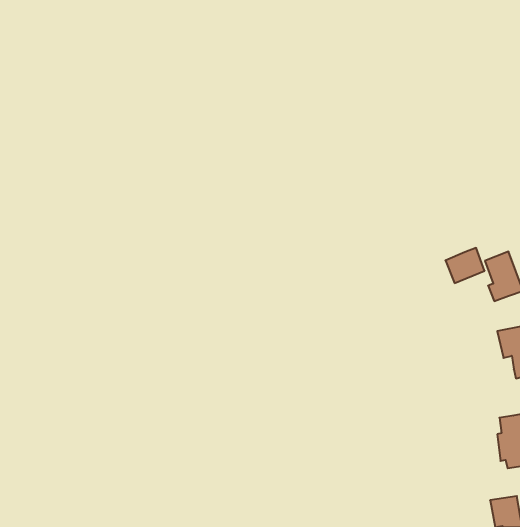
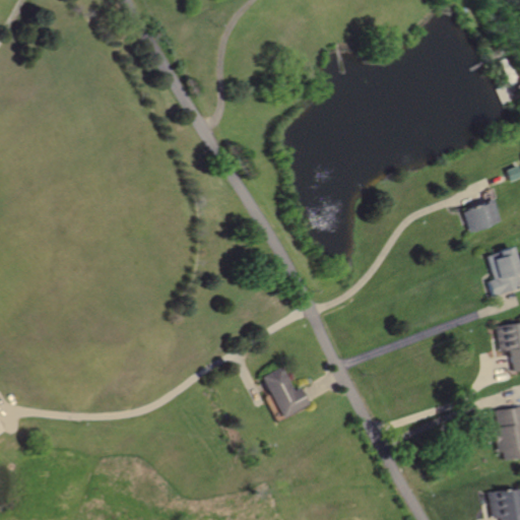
building: [445,248,485,283] -> [459,199,498,234]
building: none -> [265,368,314,419]

